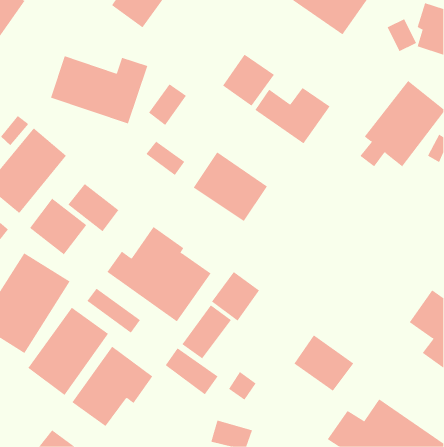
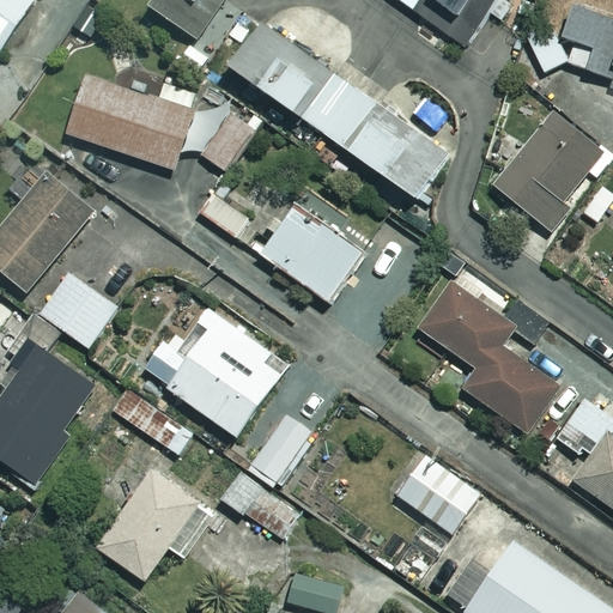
building: none -> [225,23,324,114]
building: [67,183,119,232] -> none
building: none -> [419,281,559,432]
building: [211,271,260,322] -> none
building: [27,307,109,396] -> none

